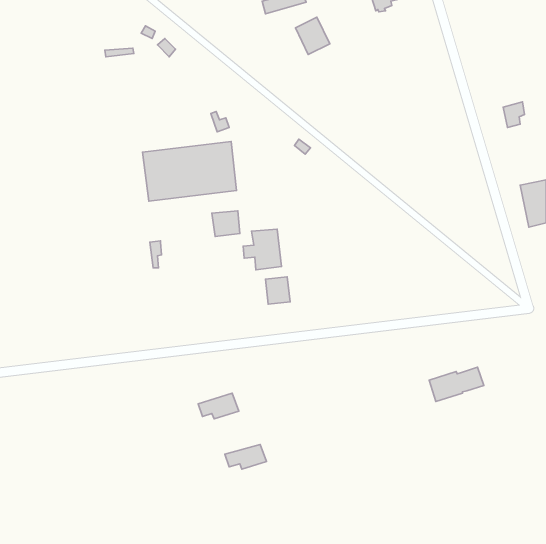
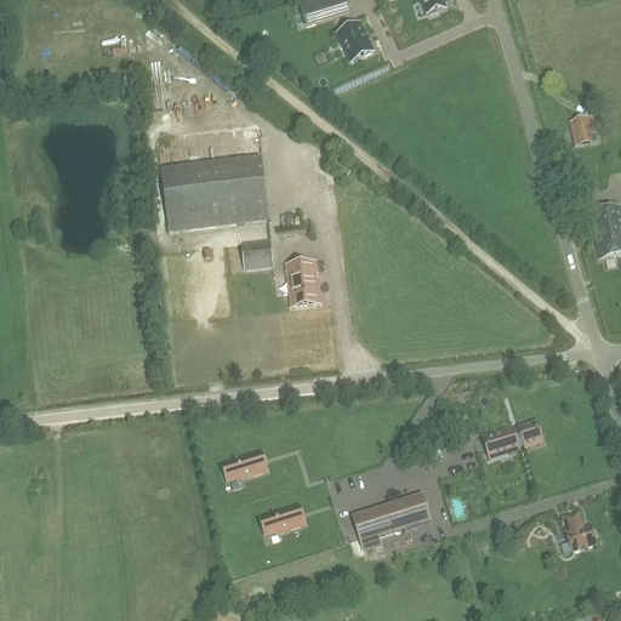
building: [265,277,290,304] -> none
building: none -> [352,492,429,548]
building: none -> [563,511,596,549]

